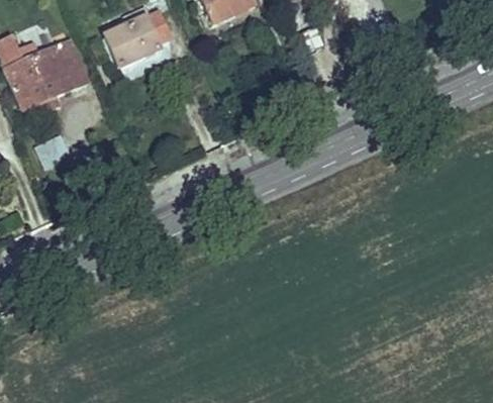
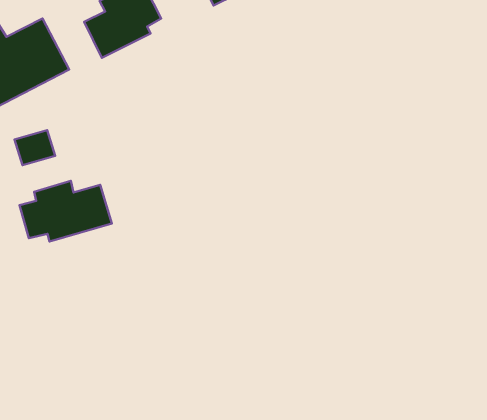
building: none -> [19,181,112,241]

